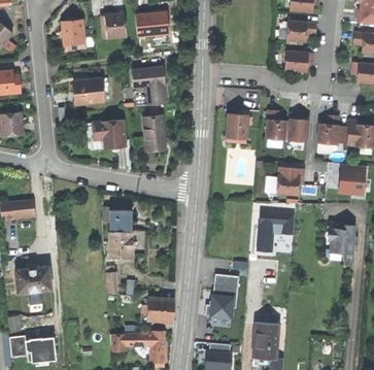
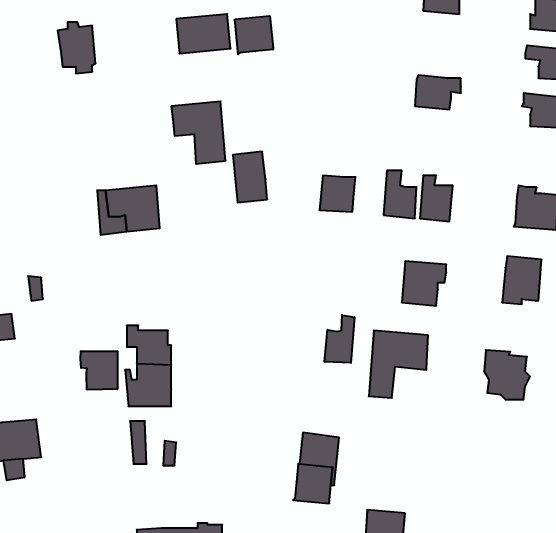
building: none -> [235,16,273,54]
building: [100,14,127,39] -> none
building: [286,21,316,41] -> none
building: [73,78,109,105] -> none
building: [142,115,164,147] -> [233,152,267,203]
building: [317,115,348,144] -> none
building: none -> [325,315,354,363]
building: none -> [80,351,117,390]
building: [141,297,175,319] -> none

